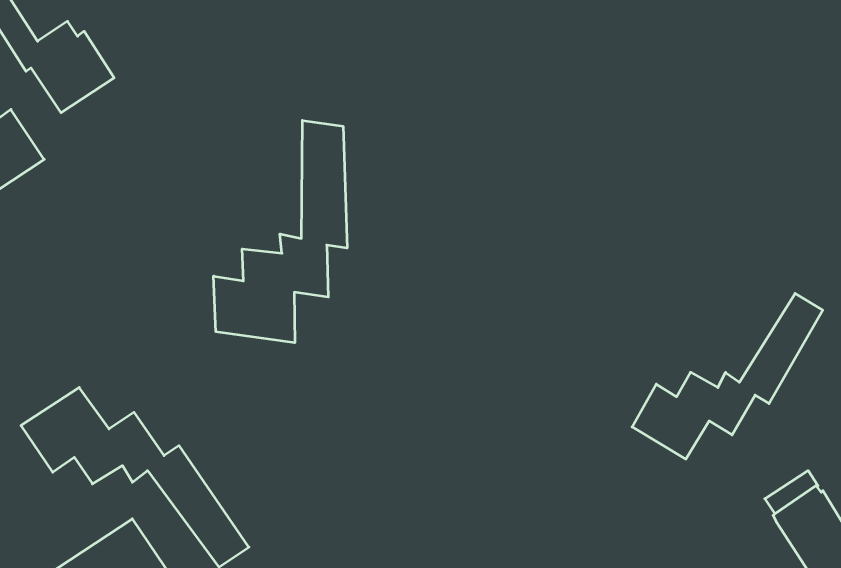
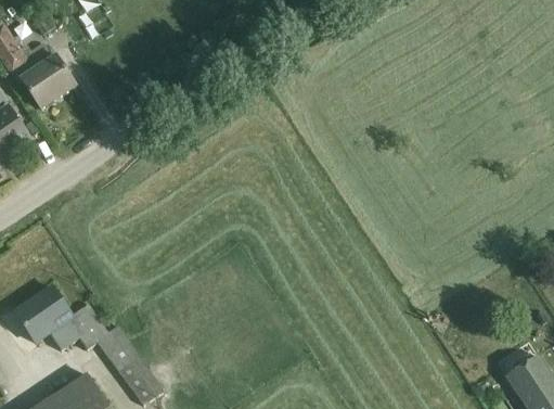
building: [214,120,347,343] -> none
building: [632,293,823,459] -> none

